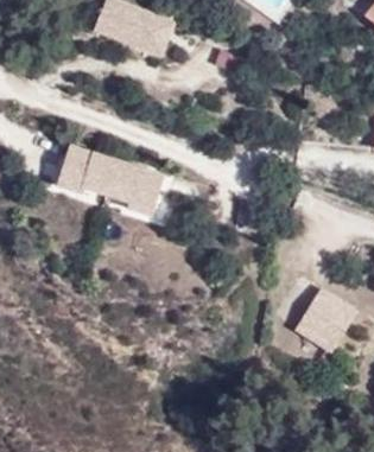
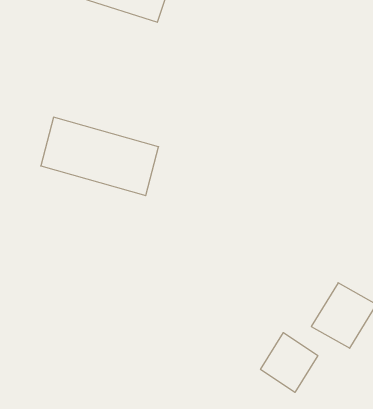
building: none -> [261,333,318,392]

